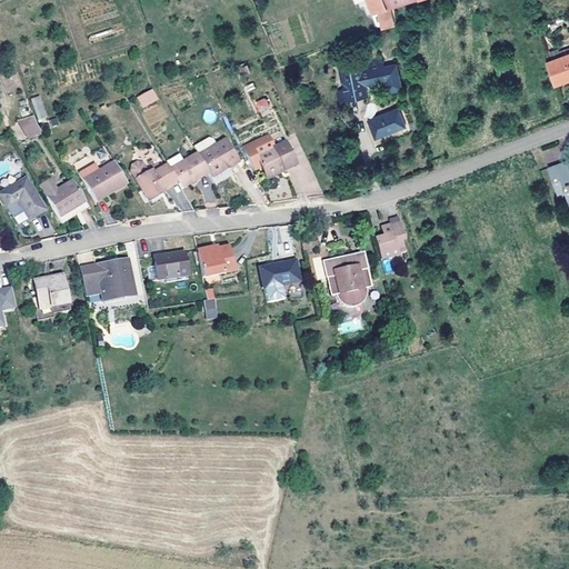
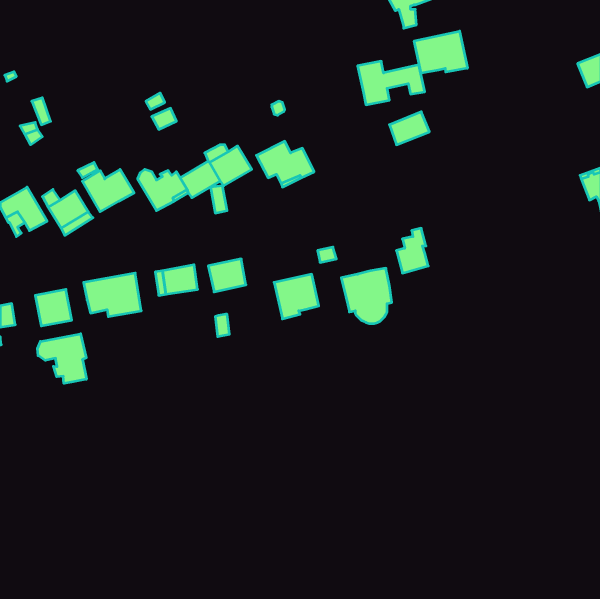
building: none -> [414,31,467,73]
building: none -> [37,334,86,383]

